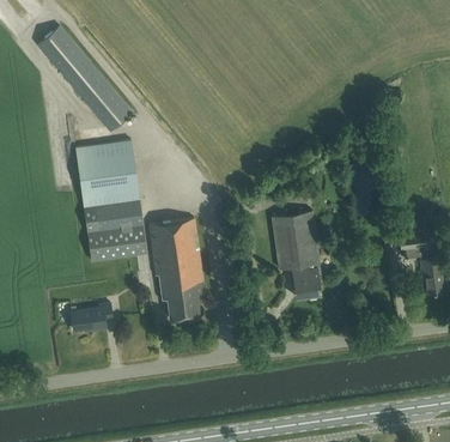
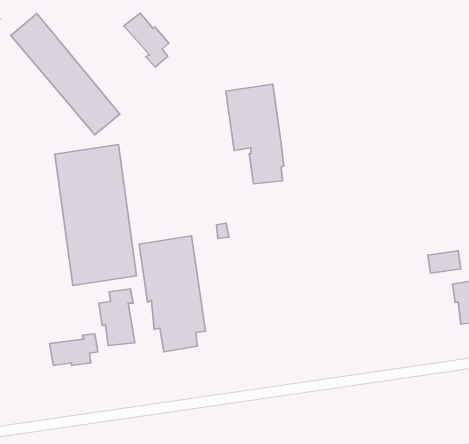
building: none -> [124,13,169,67]
building: [272,212,322,298] -> [226,84,284,184]
building: none -> [99,289,135,346]

